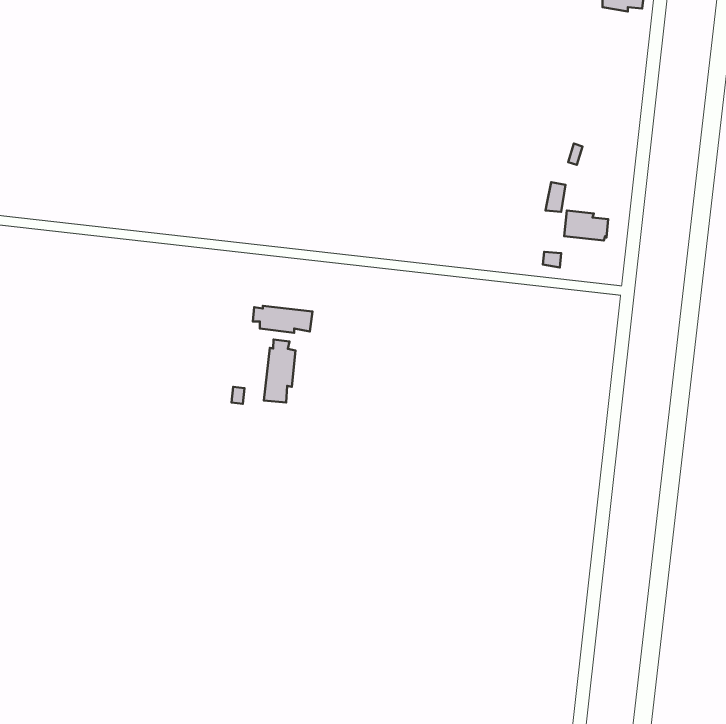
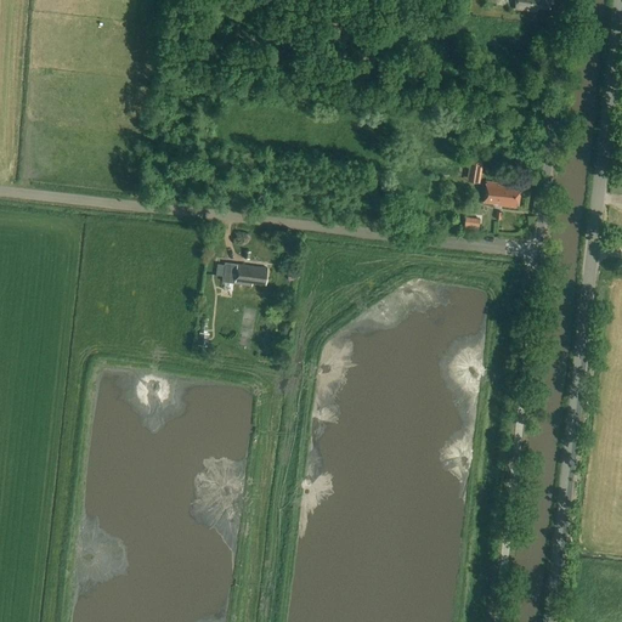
building: [264,339,295,403] -> none

